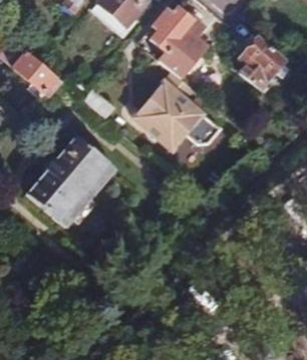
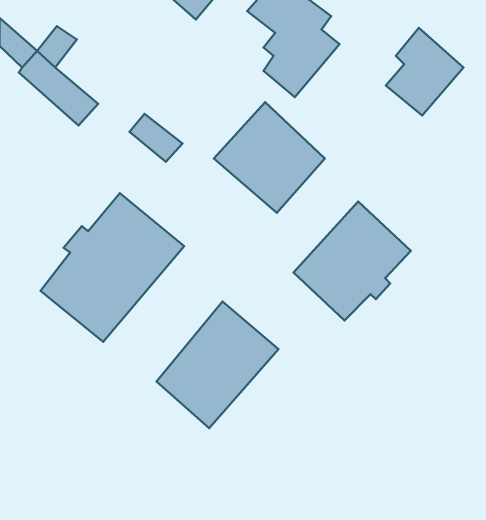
building: none -> [293,201,411,320]
building: none -> [157,302,279,428]

